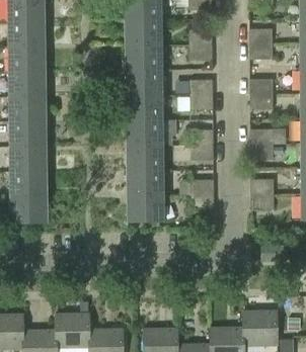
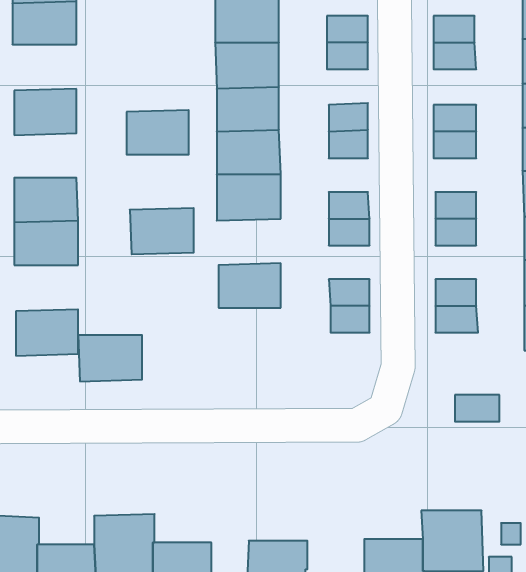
building: [9,47,46,73] -> none
building: [10,97,46,122] -> [127,110,189,155]
building: [126,146,162,172] -> [130,208,194,254]
building: [10,172,47,198] -> [78,335,142,381]
building: [127,196,163,222] -> none

